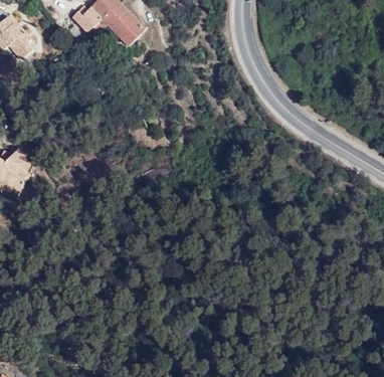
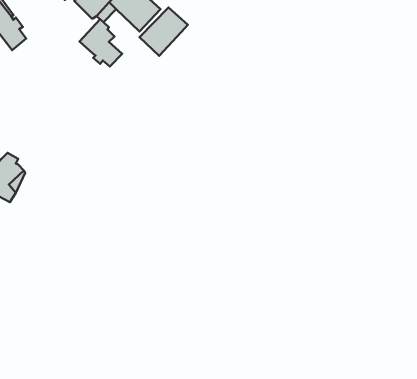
building: none -> [140,7,188,56]
building: none -> [79,19,122,67]

